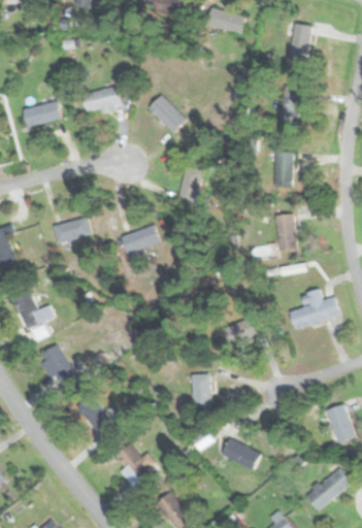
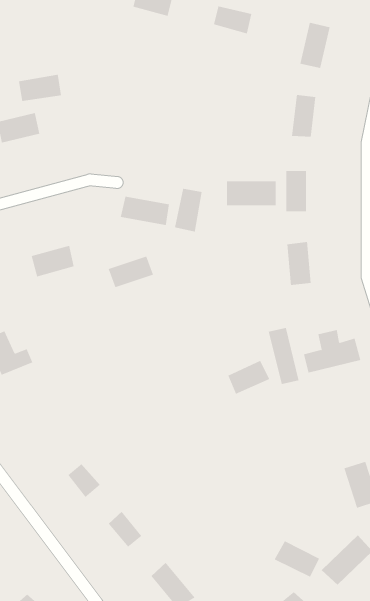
building: [81,88,120,111] -> [18,74,62,101]
building: [147,95,186,134] -> none
building: none -> [227,181,276,206]
building: none -> [120,196,170,226]
building: none -> [268,327,299,385]
building: [39,345,74,384] -> none
building: [193,375,211,410] -> none
building: [221,439,261,471] -> [274,541,320,577]

